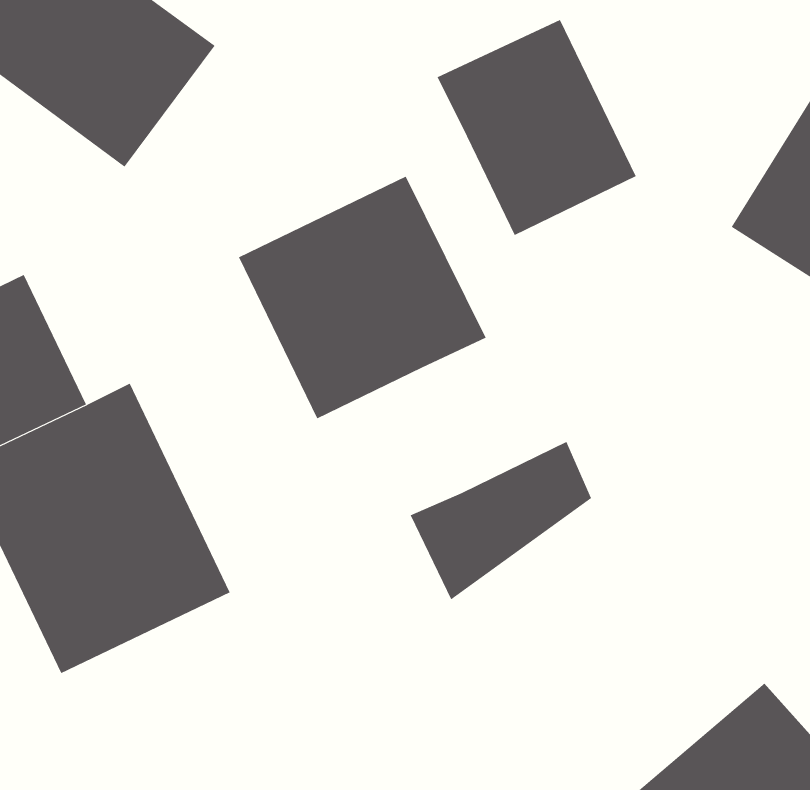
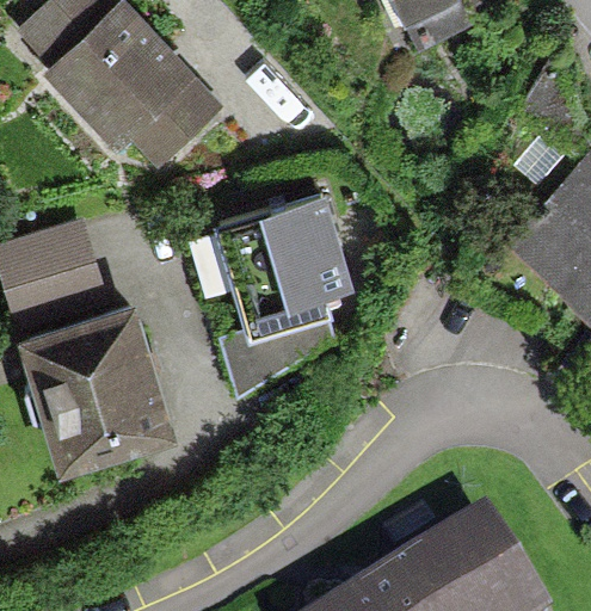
building: [437,19,637,236] -> none
building: [410,441,592,600] -> [217,309,327,395]

